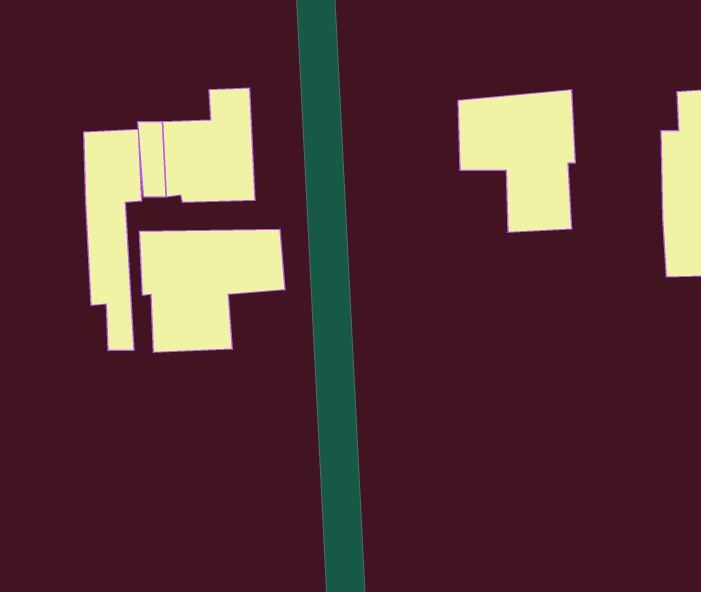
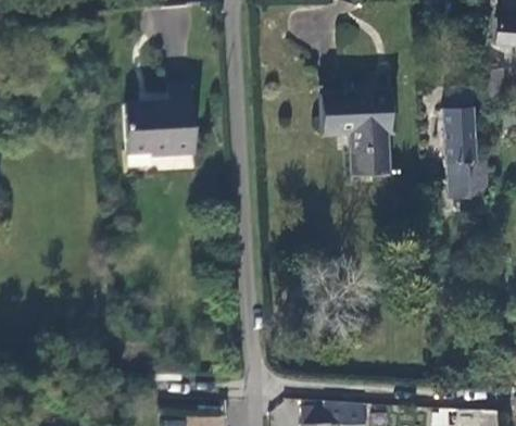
building: [84,129,142,351] -> none
building: [139,229,285,353] -> none

